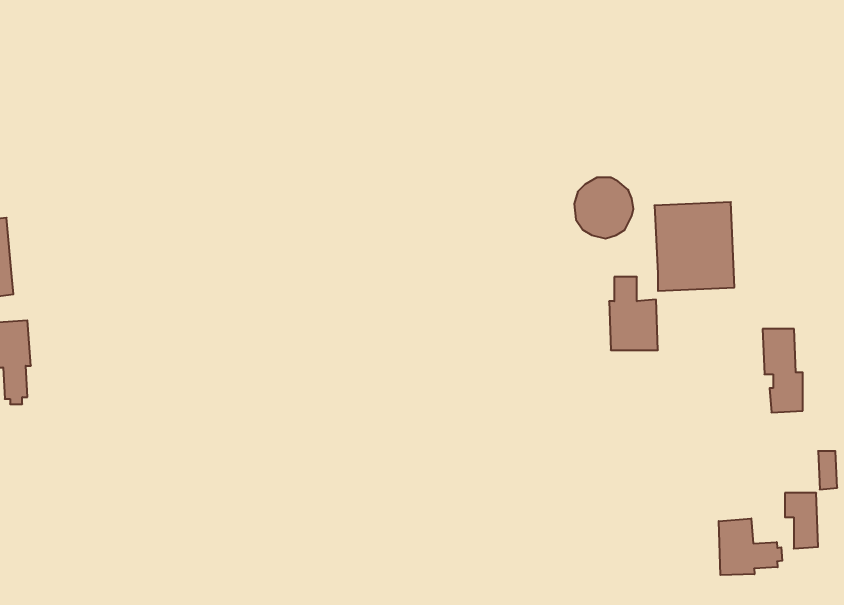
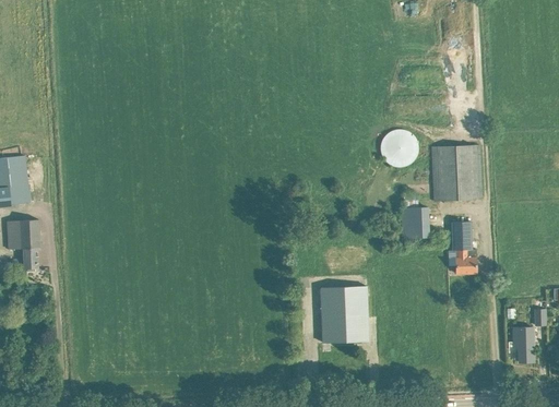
building: [763,329,803,412] -> [450,222,475,274]
building: none -> [320,286,368,343]
building: [719,518,782,575] -> none

